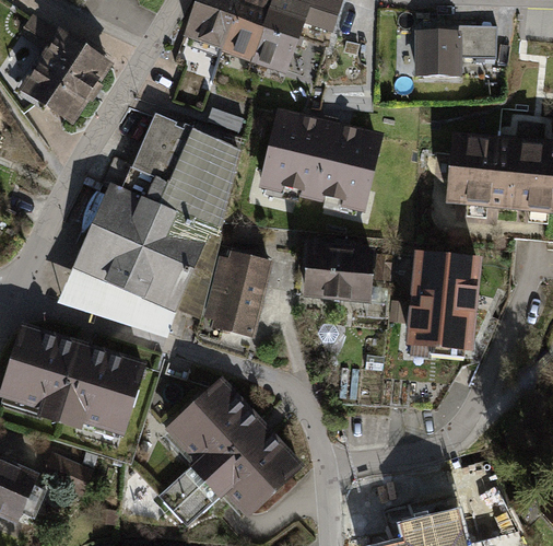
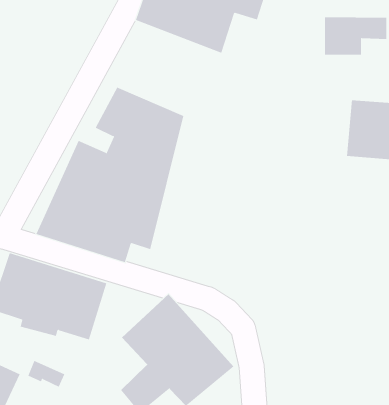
building: [21,20,116,135] -> none
building: [260,107,386,212] -> none
building: [301,243,373,300] -> none
building: [203,248,272,338] -> none
building: [403,249,480,347] -> none

